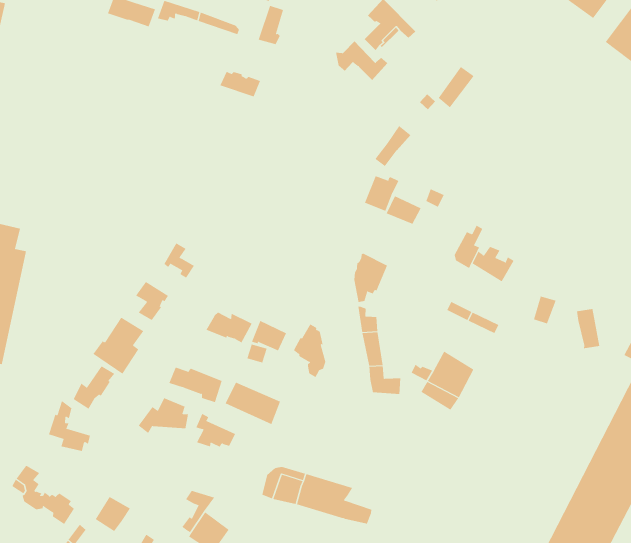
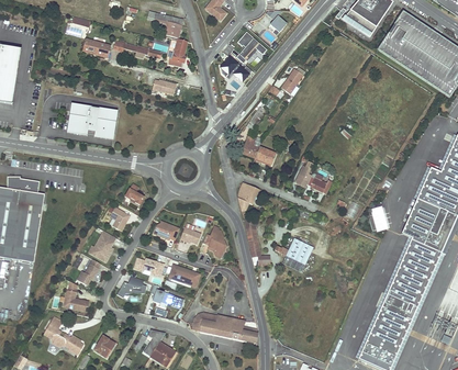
building: none -> [67,104,116,138]

